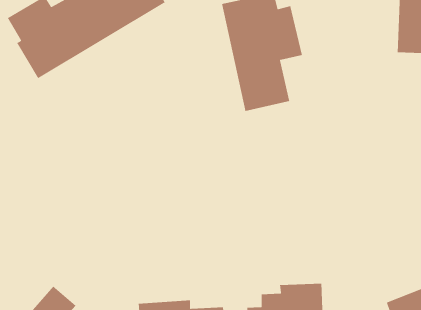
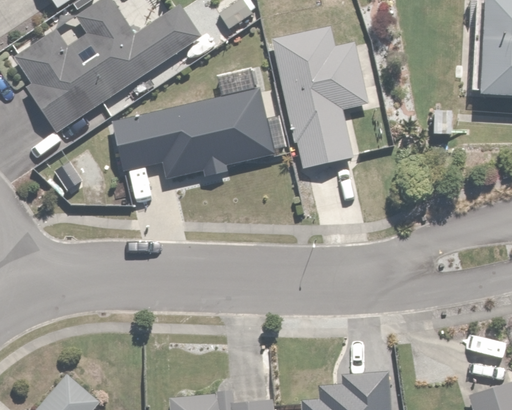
building: none -> [109,86,275,173]

